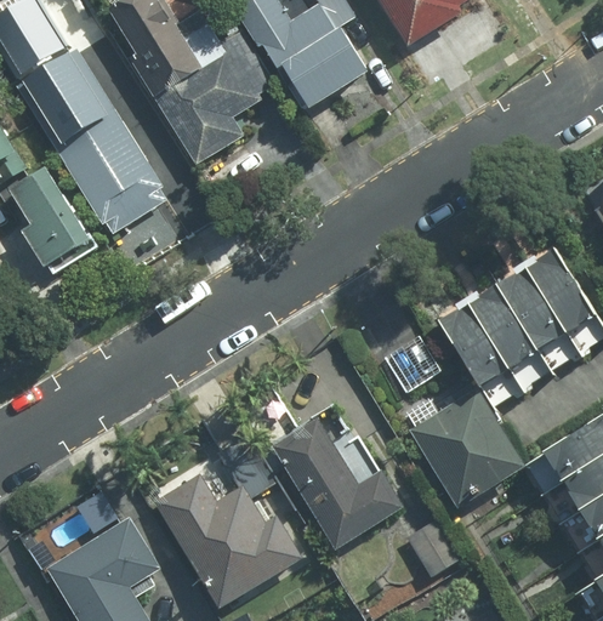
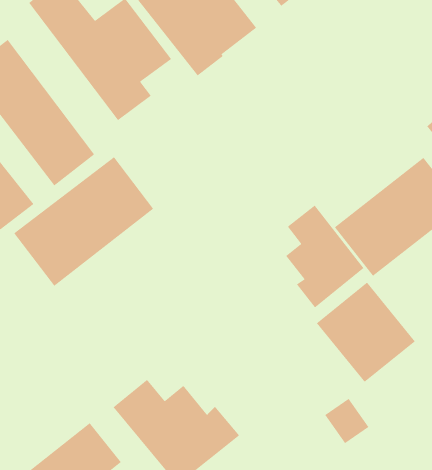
building: none -> [13,156,154,287]
building: none -> [285,204,364,309]
building: [269,417,404,548] -> none

